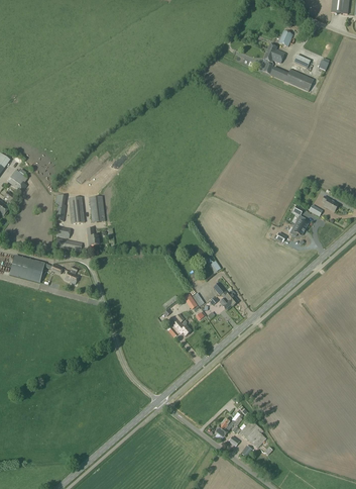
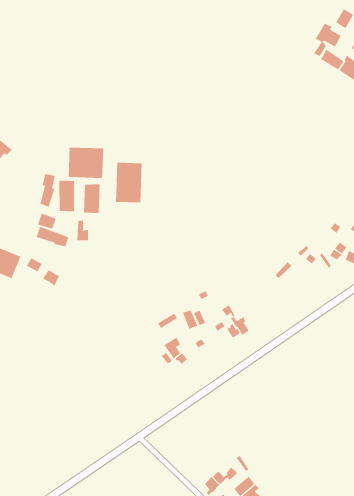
building: none -> [68,147,104,179]
building: none -> [115,162,142,203]

